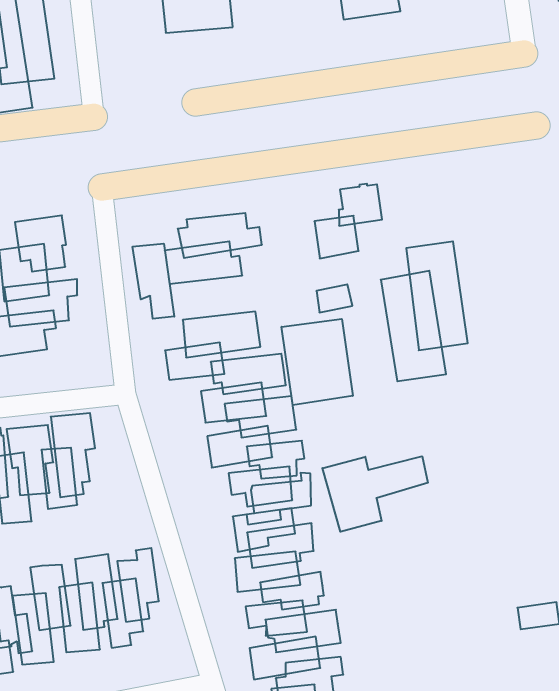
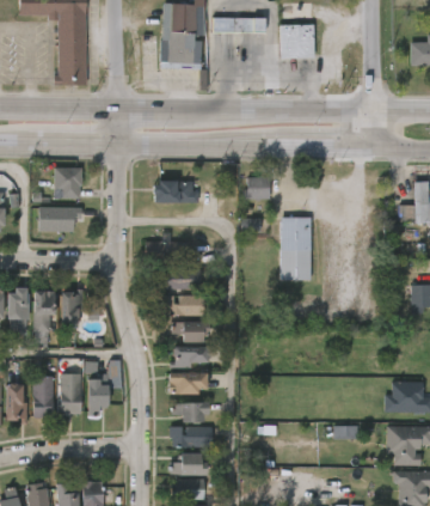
building: [133,244,174,319] -> none
building: [282,319,353,405] -> none
building: [322,456,428,532] -> none

